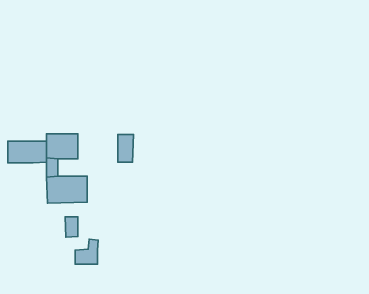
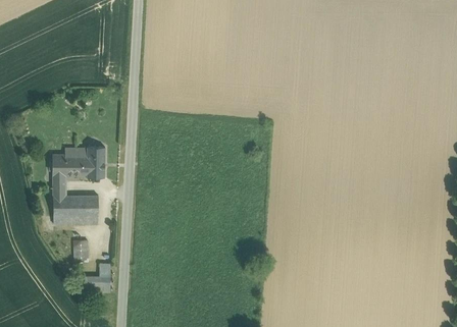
building: [118,135,134,162] -> [87,147,104,177]
building: [8,141,47,163] -> none

